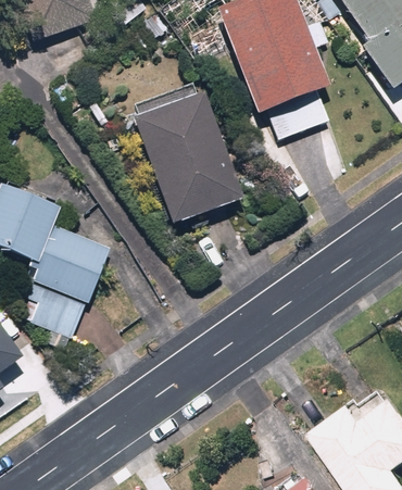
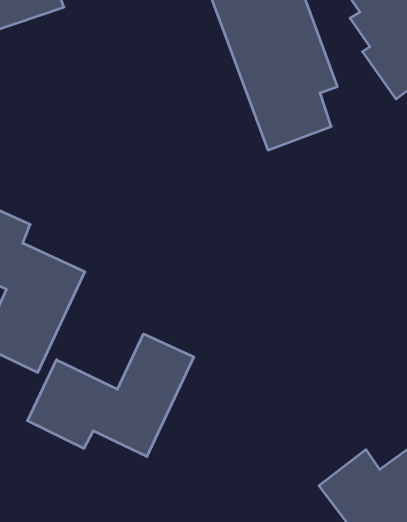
building: [137,90,246,224] -> none
building: none -> [27,334,194,457]

